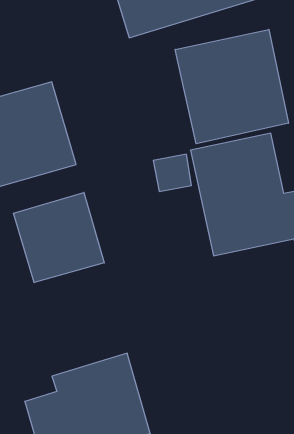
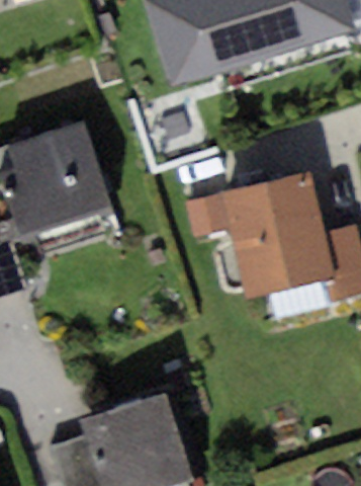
building: [175,29,288,144] -> none
building: [14,192,104,283] -> none

